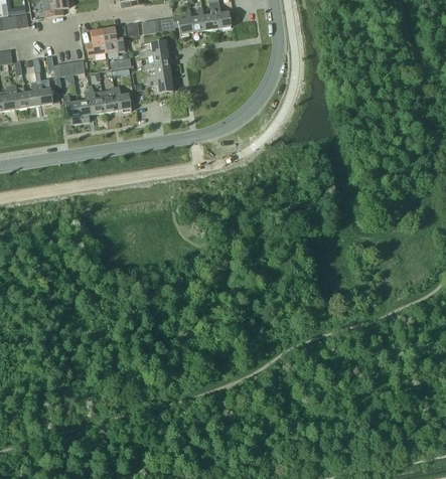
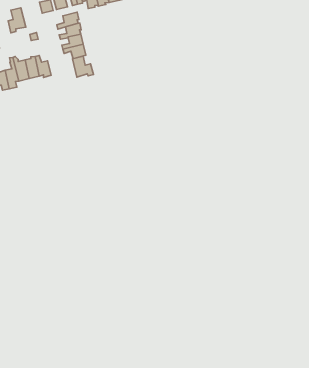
building: [102,26,125,51] -> none
building: none -> [72,56,94,77]

